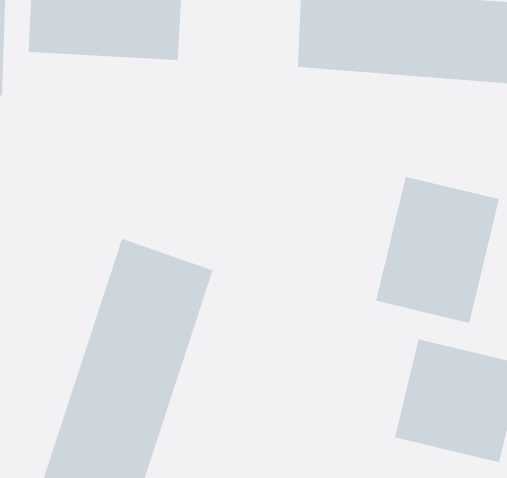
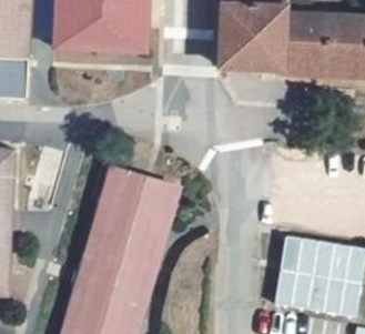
building: [376,176,499,324] -> none

